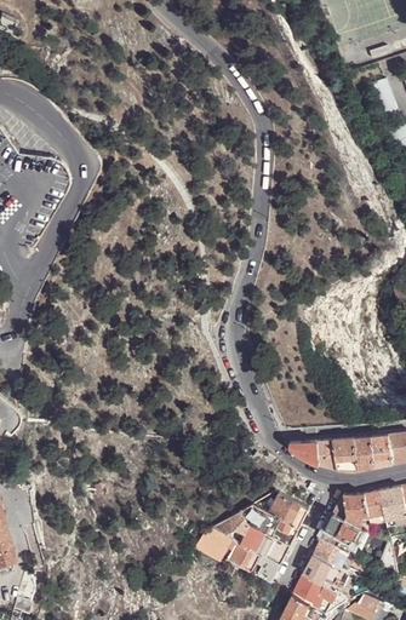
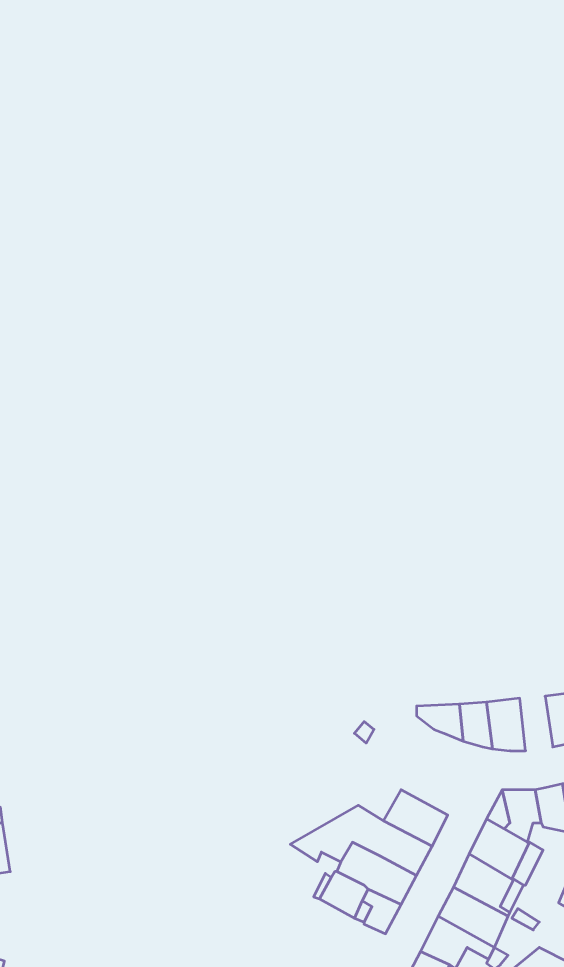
building: [353,437,373,471] -> none
building: [191,529,230,564] -> none

